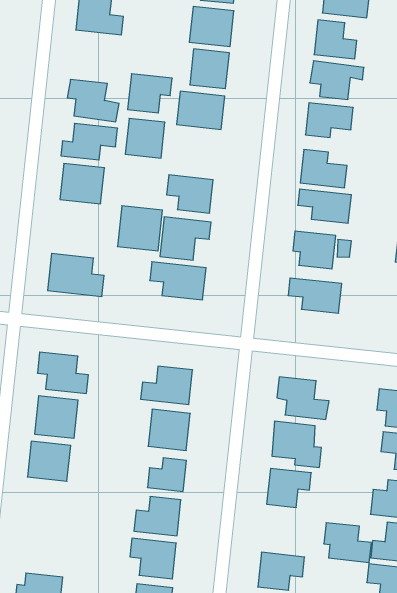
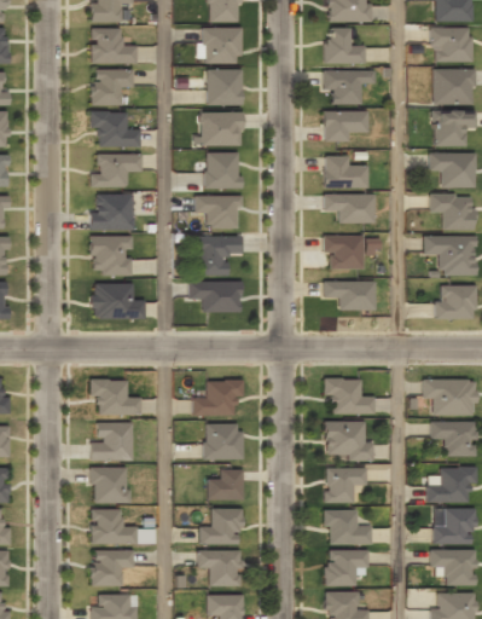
building: [128,74,172,113] -> [92,70,132,105]
building: [125,118,165,158] -> [205,152,240,187]
building: [117,206,162,251] -> [92,236,132,276]
building: none -> [92,509,156,544]
building: [324,523,371,562] -> [325,510,371,544]
building: none -> [92,550,132,586]

